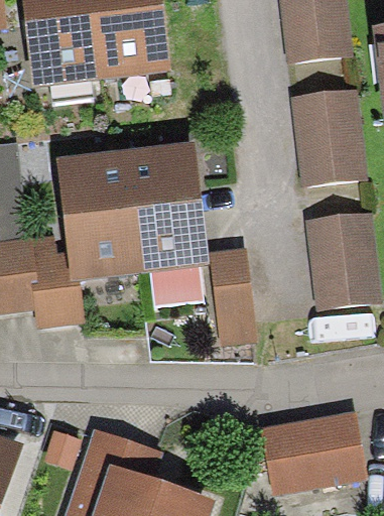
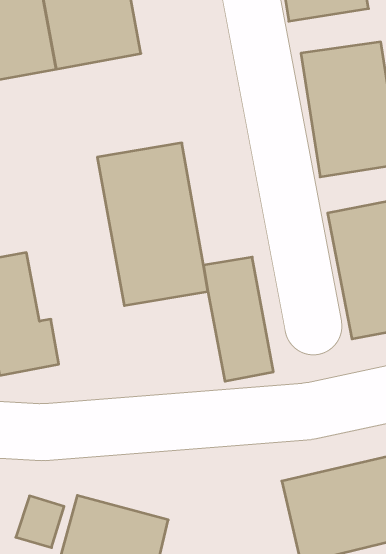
building: [56,160,139,288] -> none

